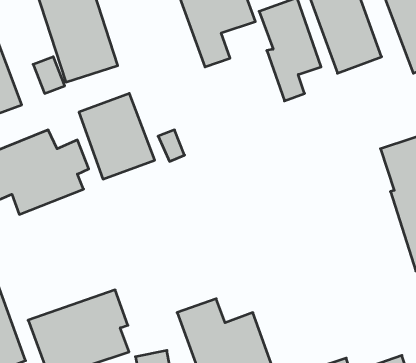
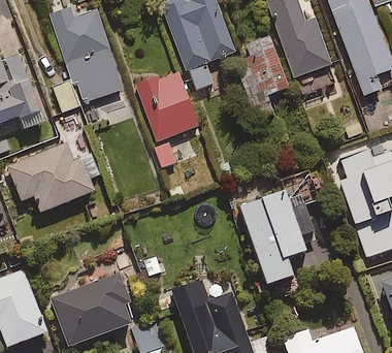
building: [79,93,155,179] -> [136,71,198,141]
building: none -> [239,170,318,284]

